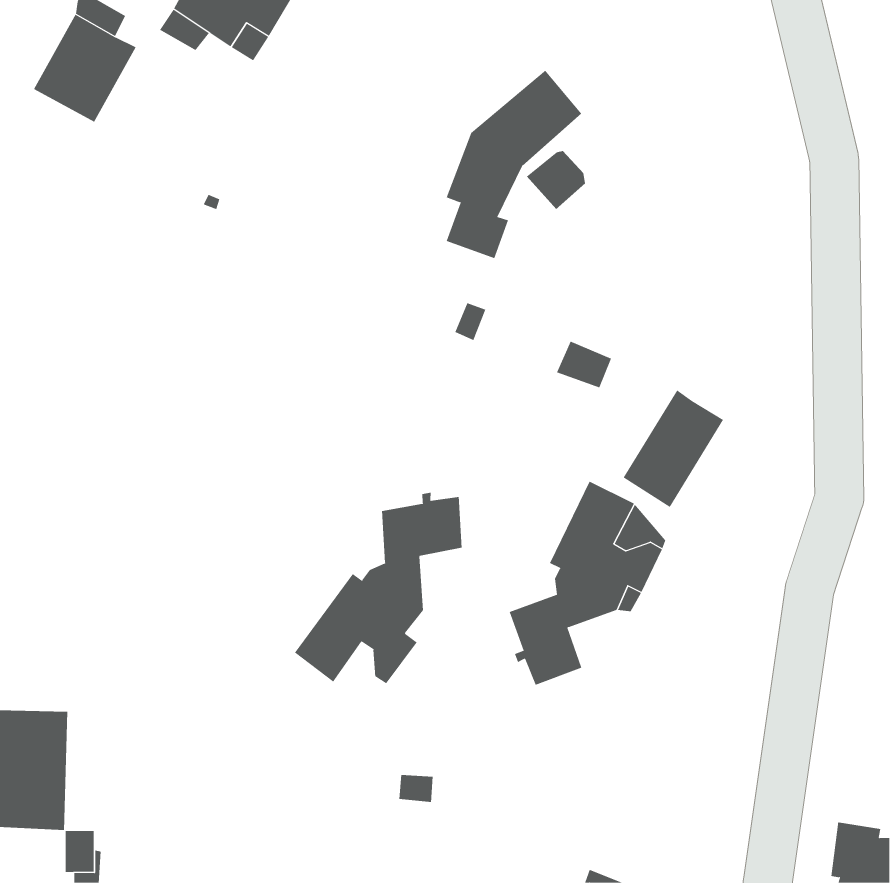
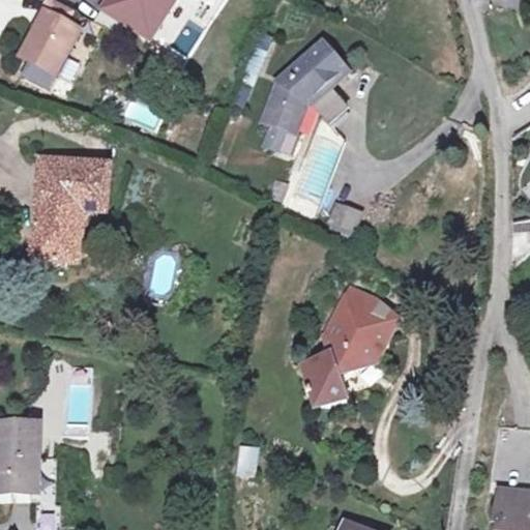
building: none -> [31,155,111,262]
building: [623,390,724,508] -> none
building: [294,492,462,684] -> none

